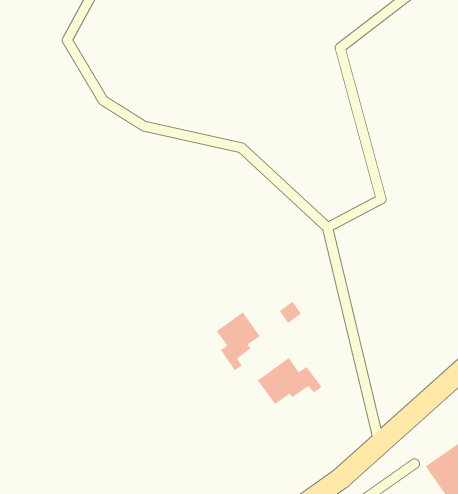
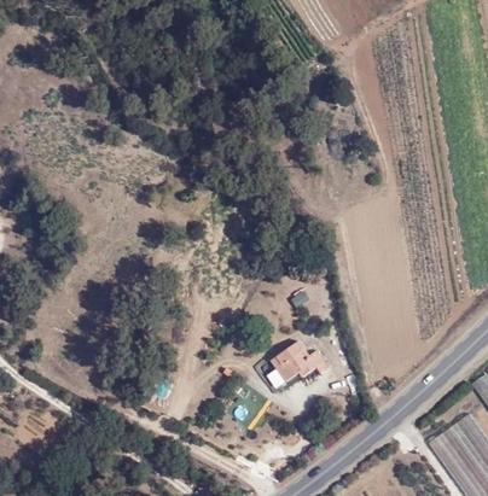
building: [216,311,261,371] -> none

